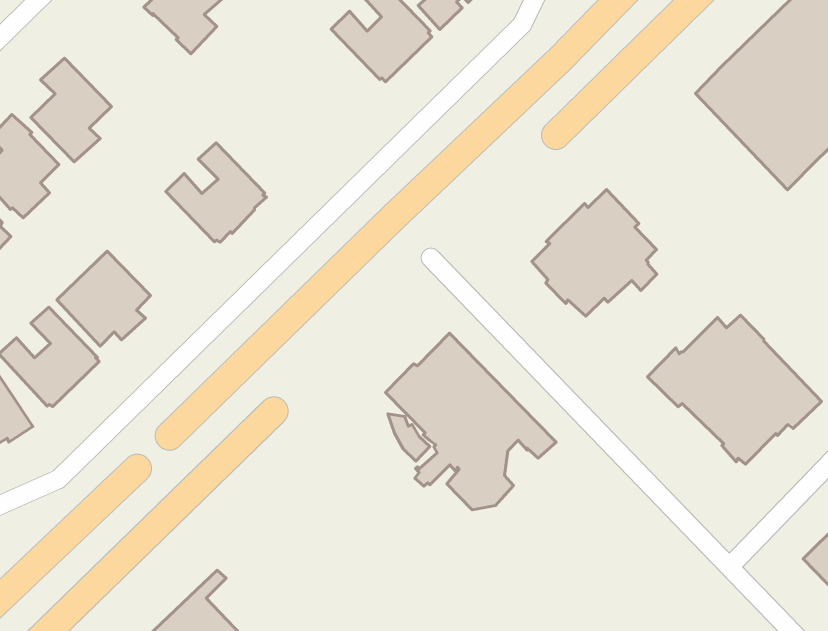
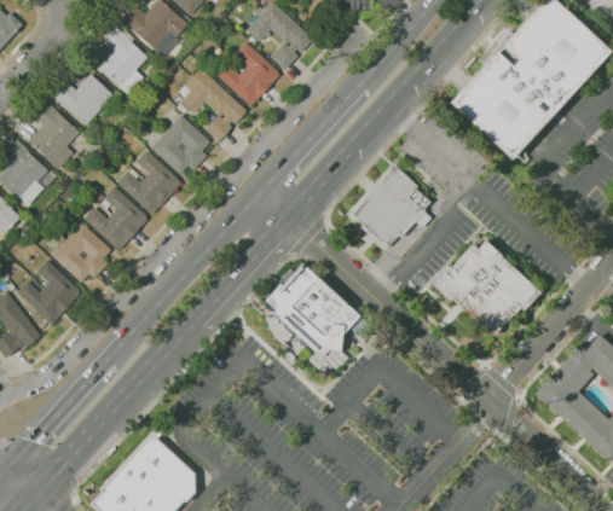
building: none -> [53,74,114,124]
building: none -> [181,68,248,141]
building: none -> [151,114,210,174]
building: none -> [85,185,149,249]

